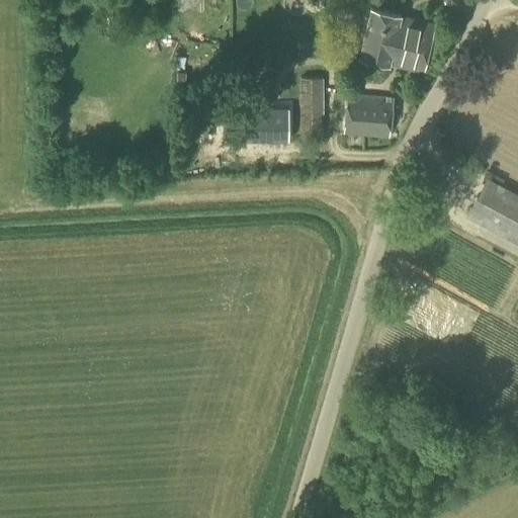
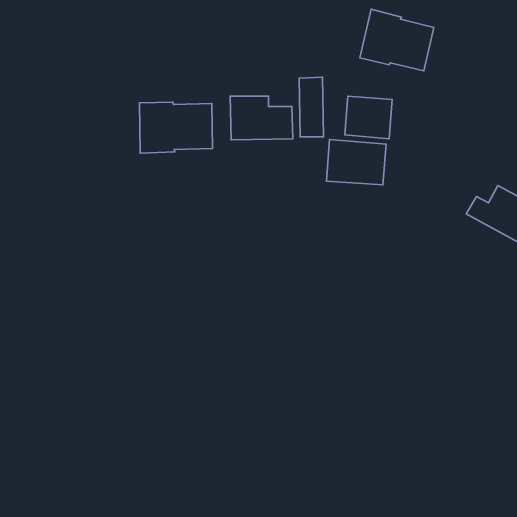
building: none -> [139,102,212,153]
building: none -> [326,140,386,185]

